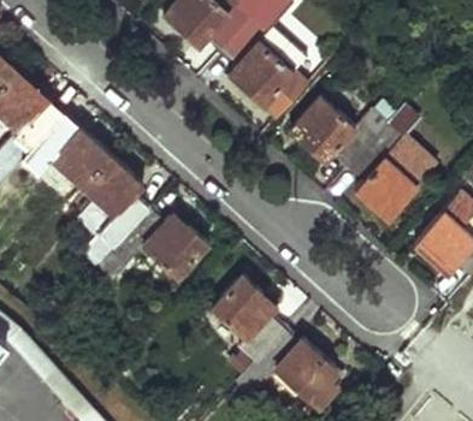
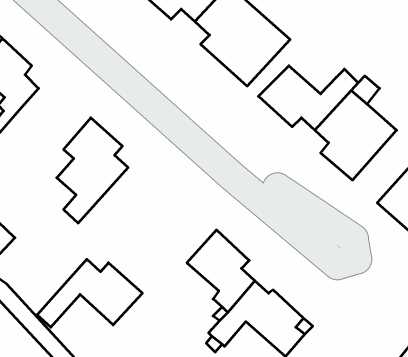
building: [32,123,108,188] -> none
building: [95,207,207,279] -> [37,259,142,327]

